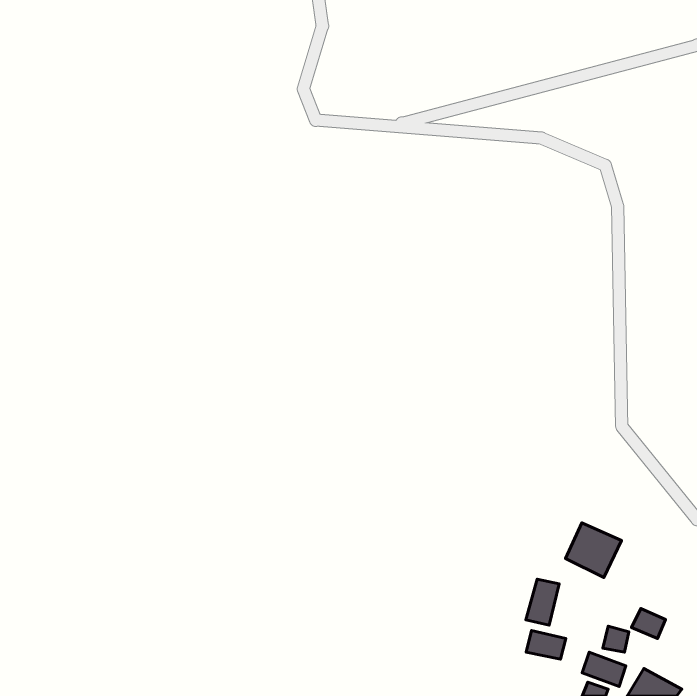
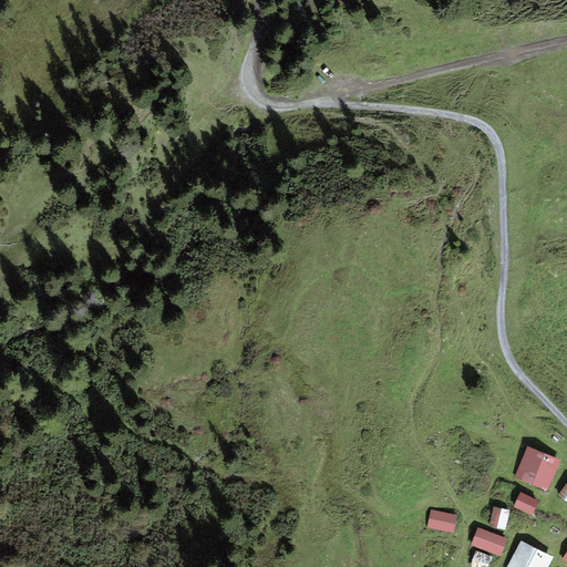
building: [565,523,621,578] -> [514,446,559,491]
building: [526,579,559,625] -> none

